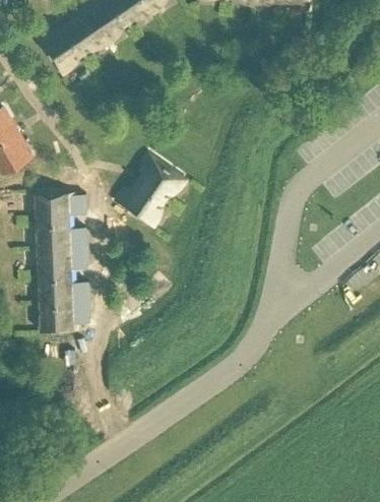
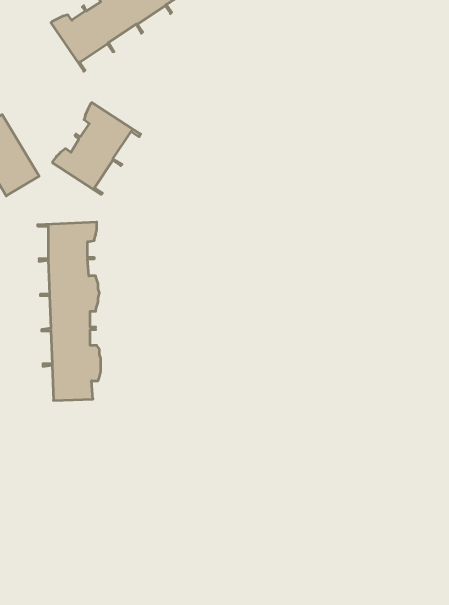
building: [121,158,189,229] -> [53,103,141,194]

